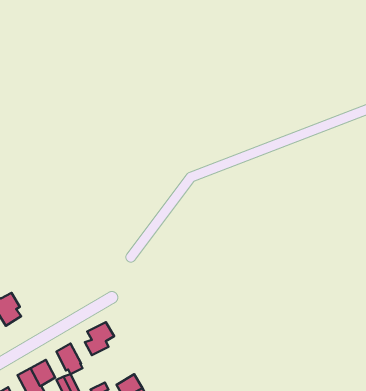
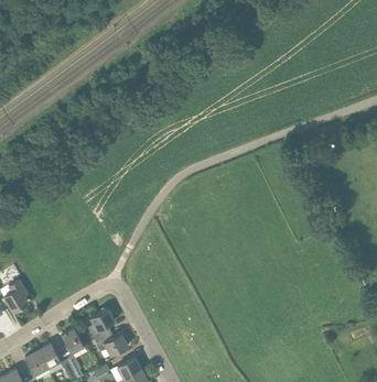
building: none -> [94,330,128,354]

